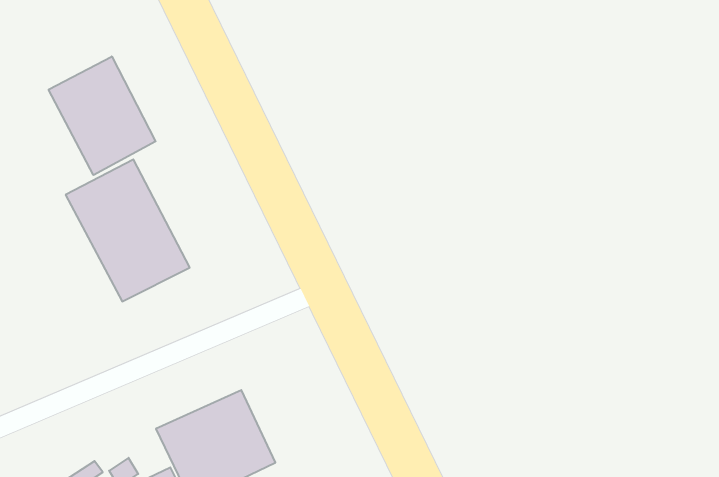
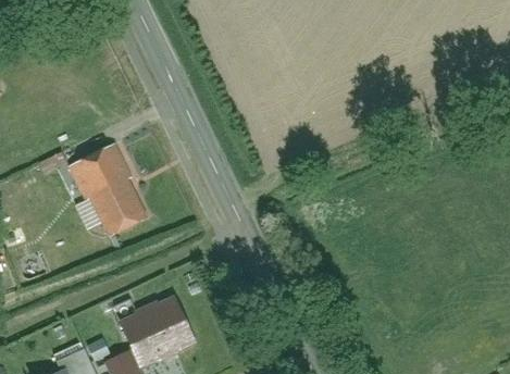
building: [49,56,156,175] -> none

